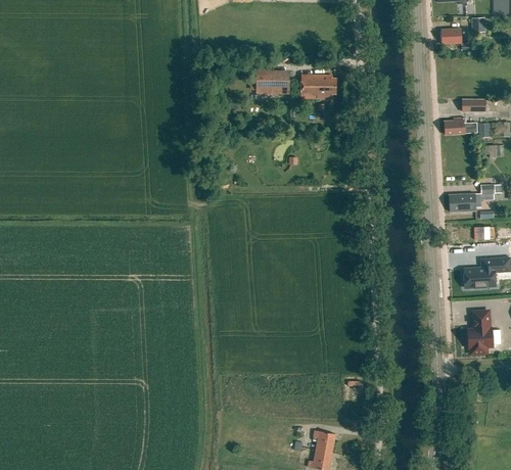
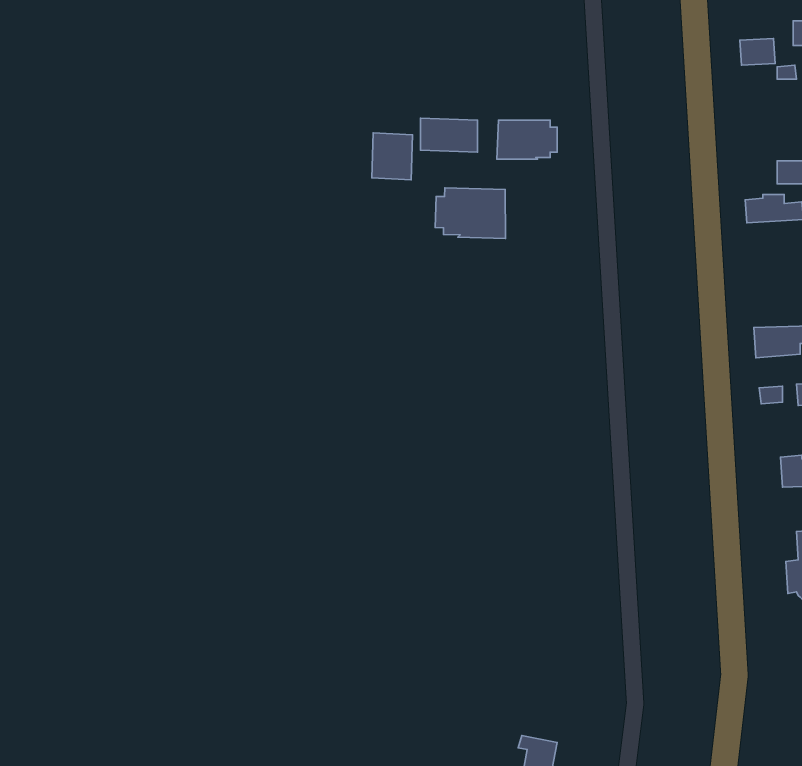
building: none -> [372,133,413,180]
building: none -> [435,188,506,239]

